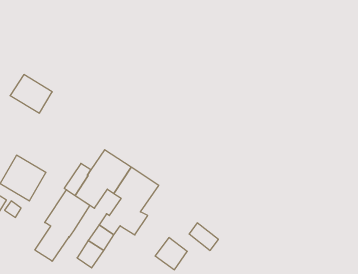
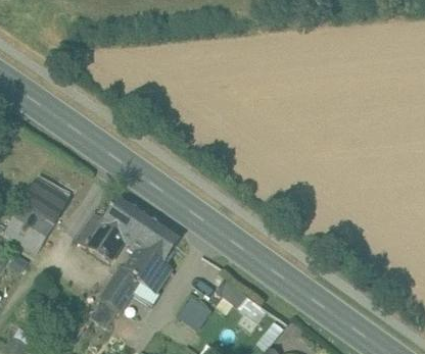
building: [10,75,52,113] -> [20,179,67,221]
building: [35,190,90,261] -> none

